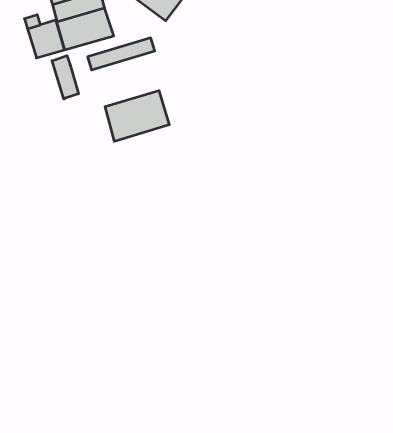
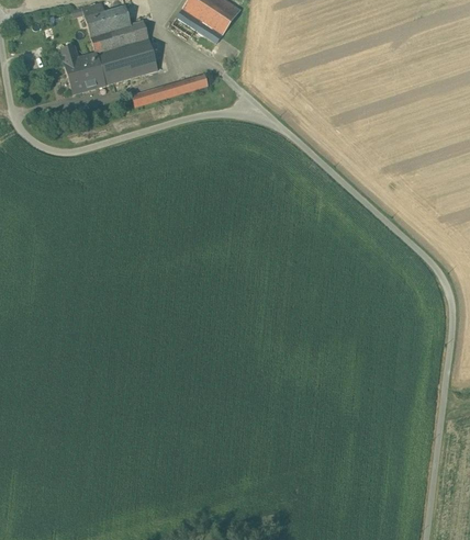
building: [52,56,79,99] -> none
building: [105,91,169,141] -> none

